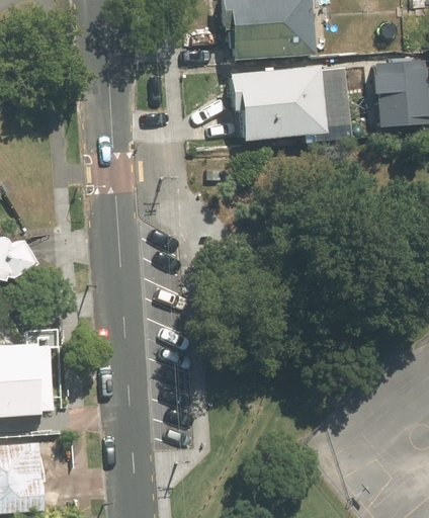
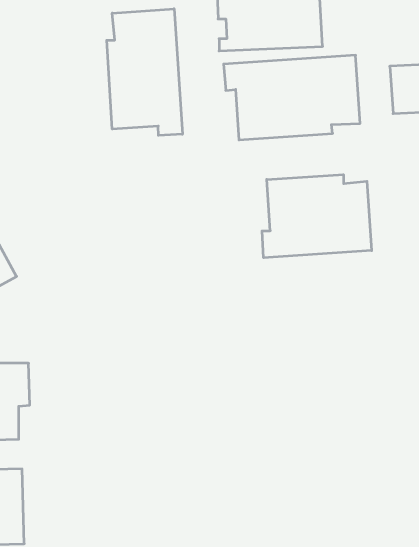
building: none -> [107,9,182,135]
building: none -> [262,175,372,258]

